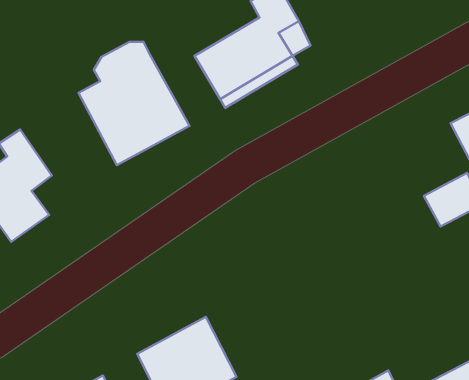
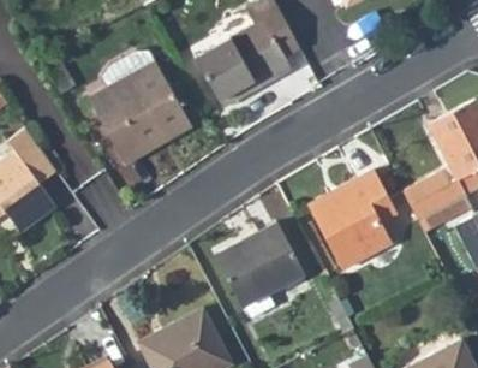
building: none -> [312,170,402,273]
building: none -> [219,221,307,319]

